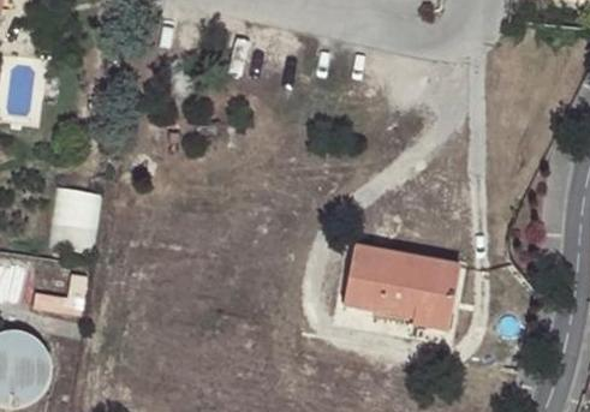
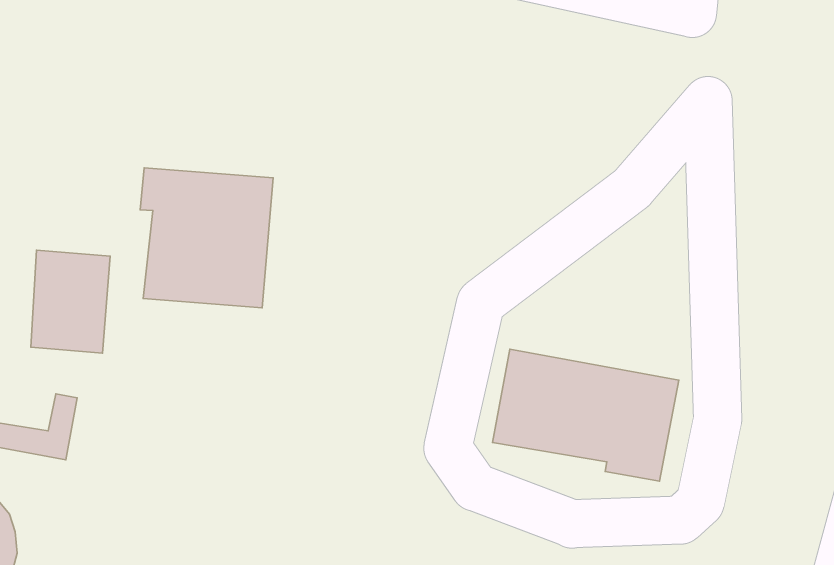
building: none -> [140,168,273,308]

